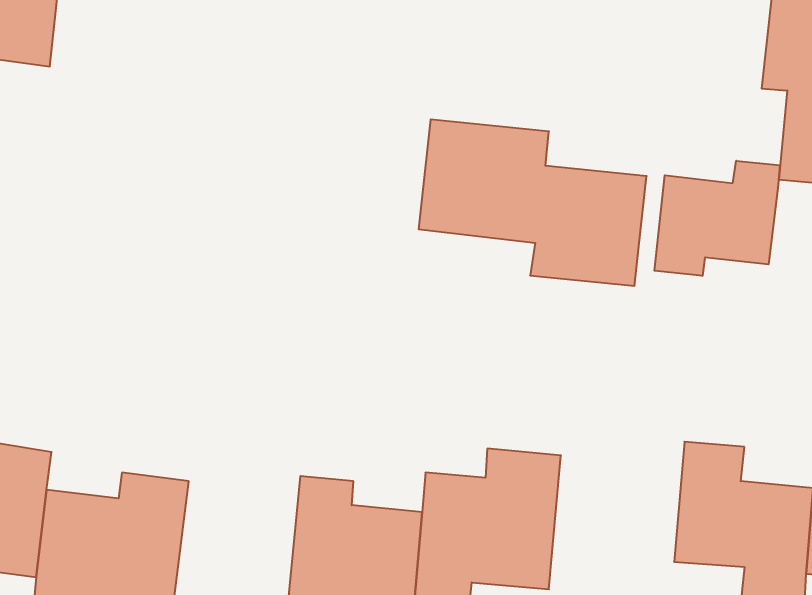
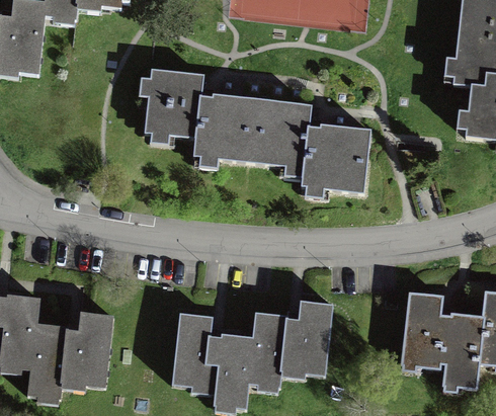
building: none -> [150,73,255,167]
building: [654,161,780,276] -> none

